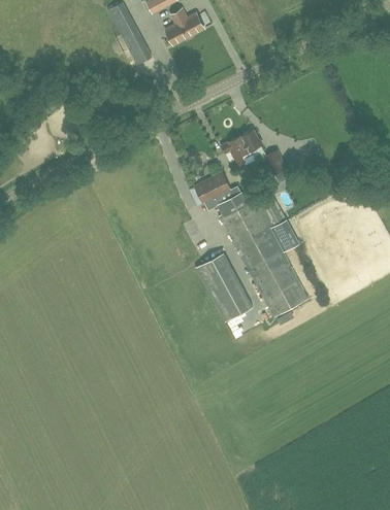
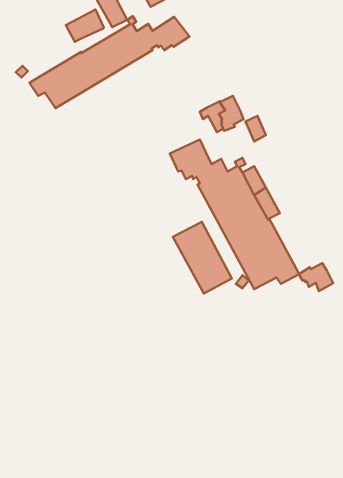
building: none -> [66,10,104,42]
building: none -> [30,16,189,108]
building: none -> [299,263,333,291]

